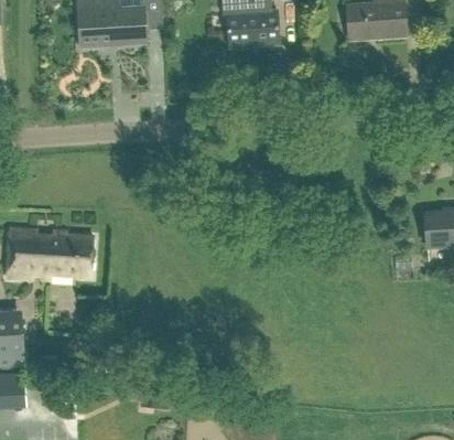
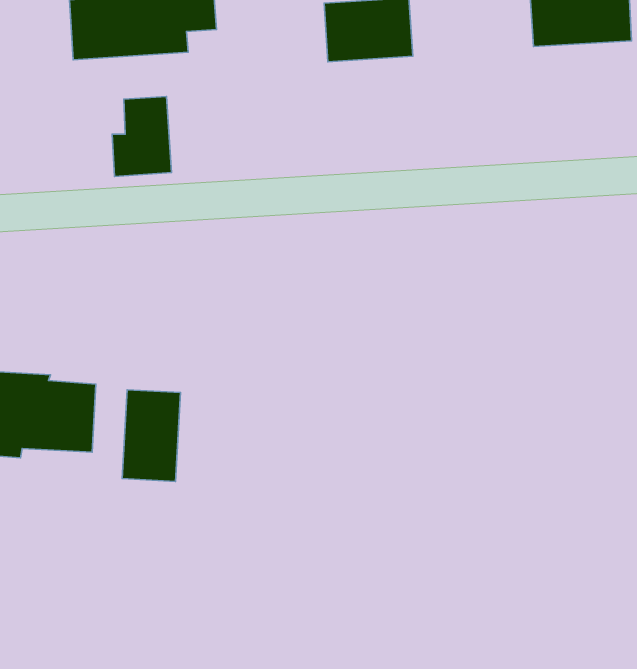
building: none -> [112,97,171,177]
building: none -> [122,390,181,481]

